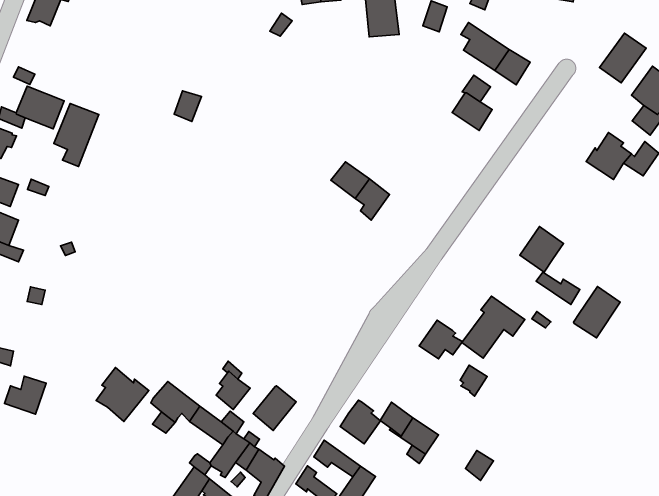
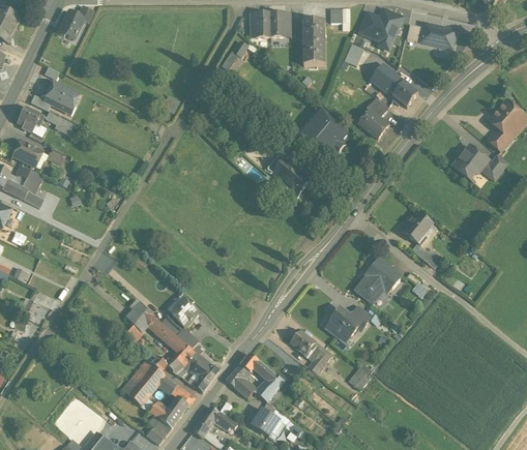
building: [599,33,646,83] -> none
building: none -> [297,107,348,157]
building: [54,103,99,167] -> none
building: [574,287,620,338] -> none
building: [419,320,462,359] -> [325,307,356,335]
building: [96,368,149,421] -> none
building: [253,386,296,431] -> none
building: [340,400,380,444] -> none

